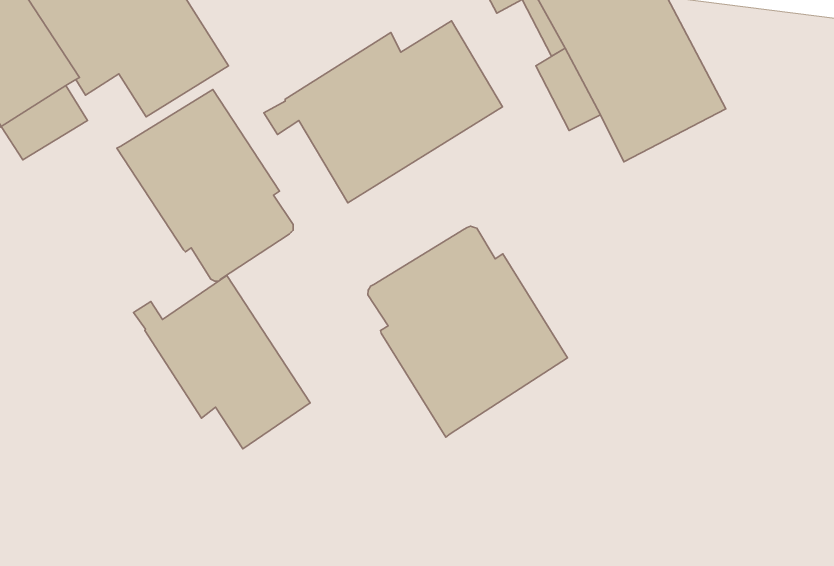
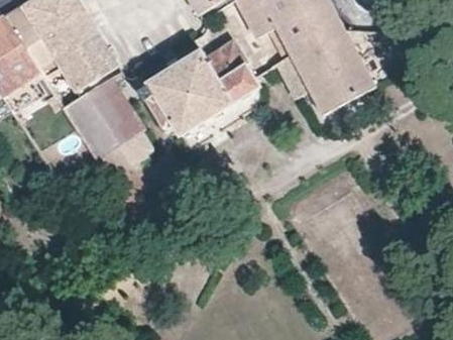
building: [368,226,567,437] -> none
building: [133,276,310,449] -> none

